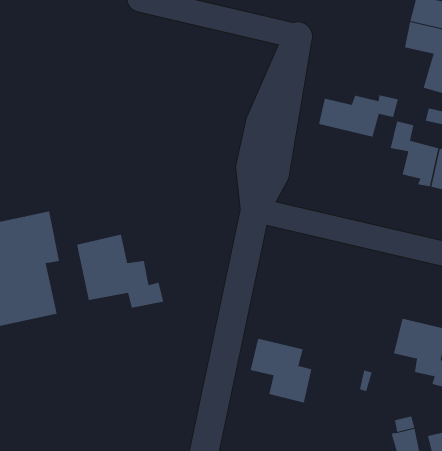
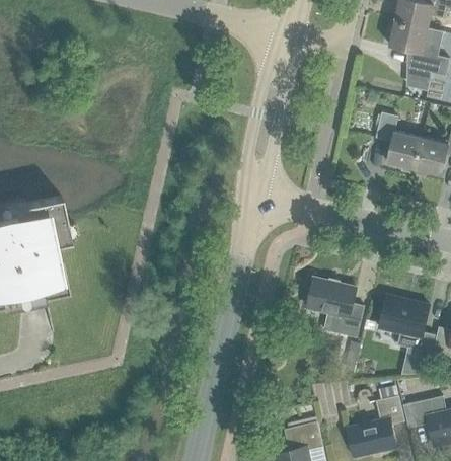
building: [318,95,399,137] -> none
building: [76,234,164,308] -> none
building: [250,338,312,403] -> [307,279,365,338]

